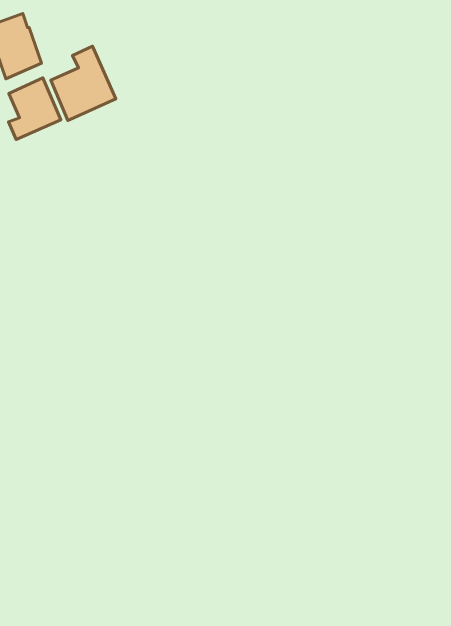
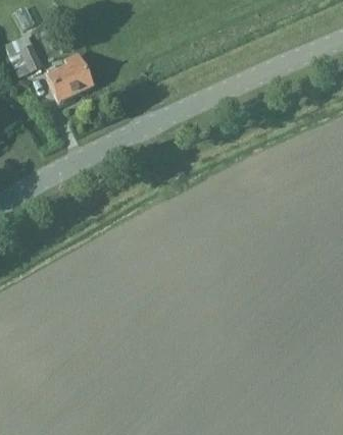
building: [9,78,61,140] -> none

